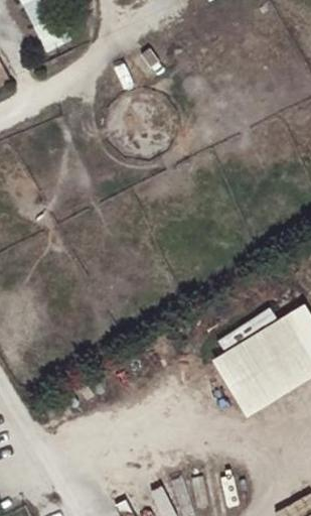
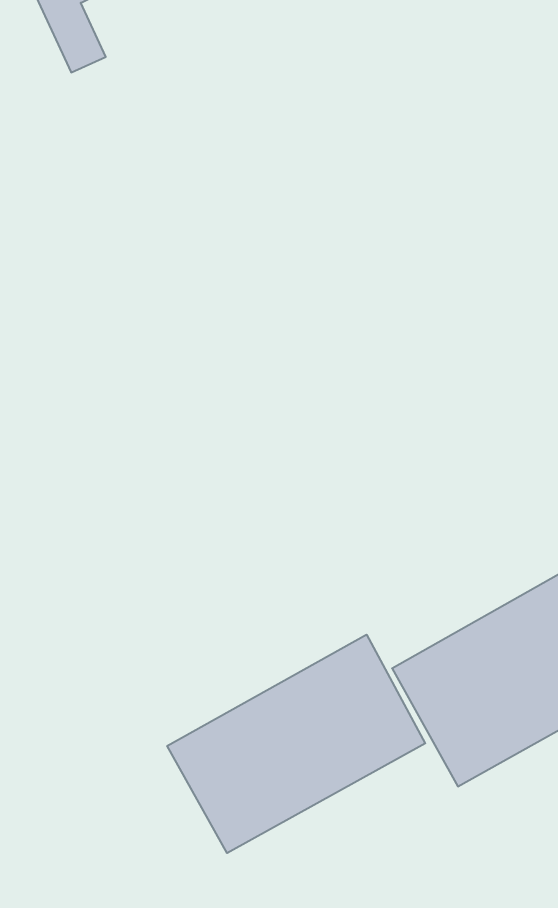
building: none -> [167,635,425,853]

